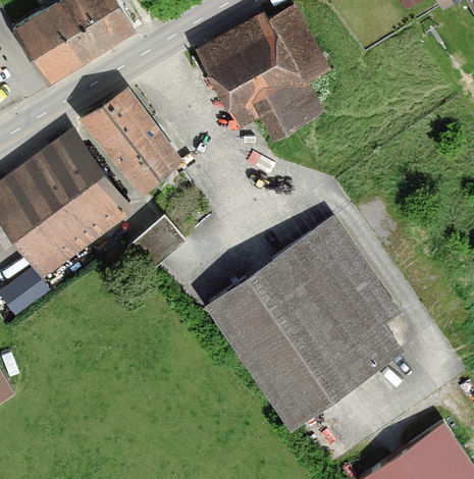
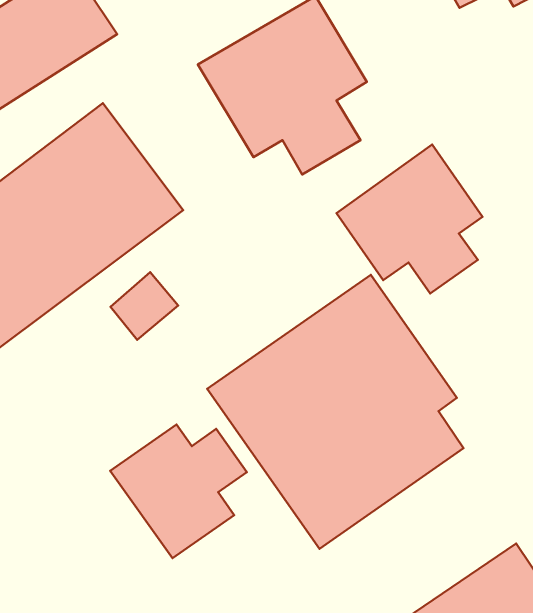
building: none -> [336,145,483,294]
building: none -> [110,425,247,558]

